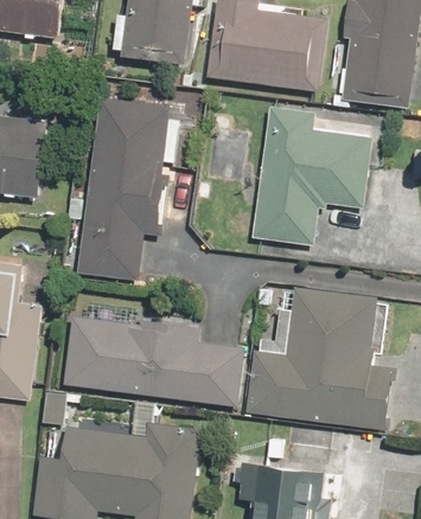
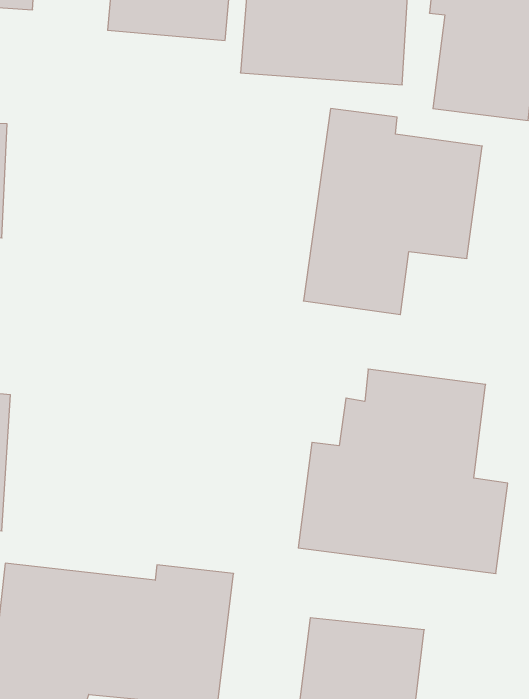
building: [75,96,174,281] -> none
building: [58,307,247,408] -> none

